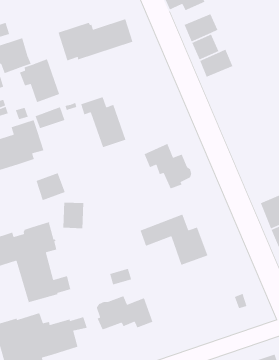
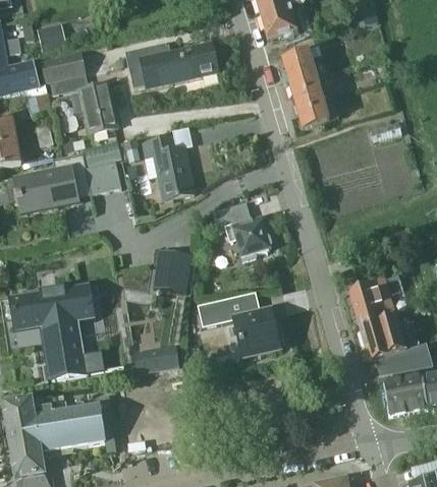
building: [35,172,66,201] -> [86,161,121,194]
building: [63,202,84,229] -> [160,249,190,286]
building: [96,295,154,330] -> none

